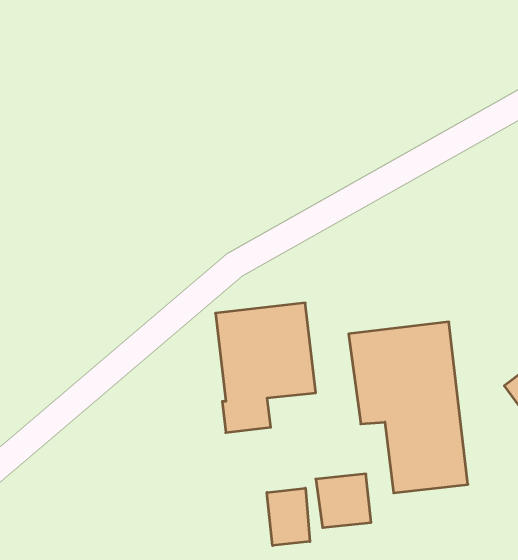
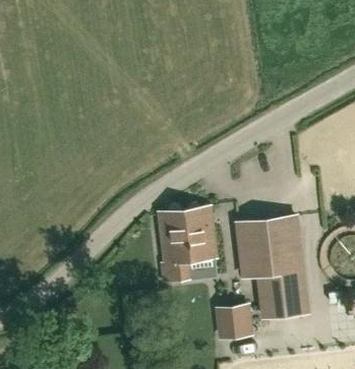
building: [267,488,310,546] -> none

